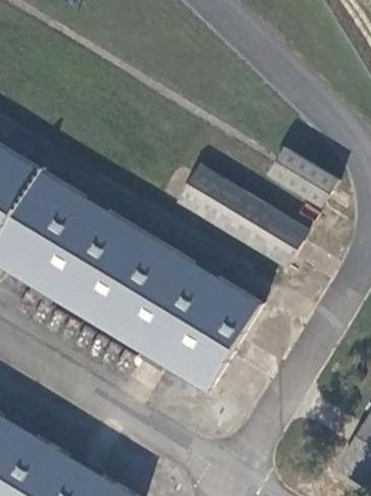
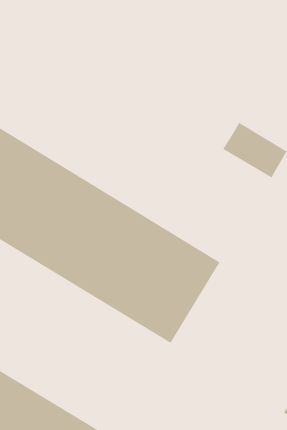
building: [176,164,311,270] -> none

